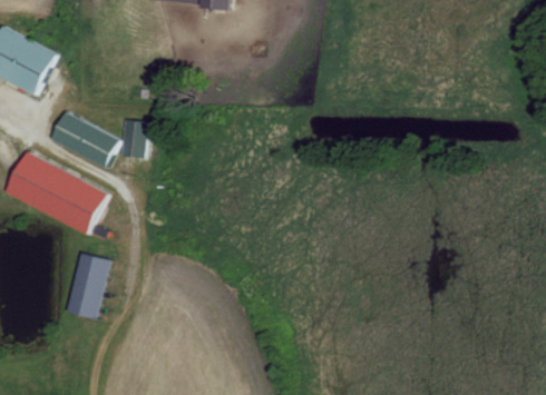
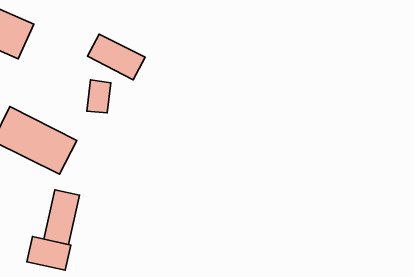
building: [49,112,119,168] -> [87,34,145,80]
building: none -> [27,237,71,270]

